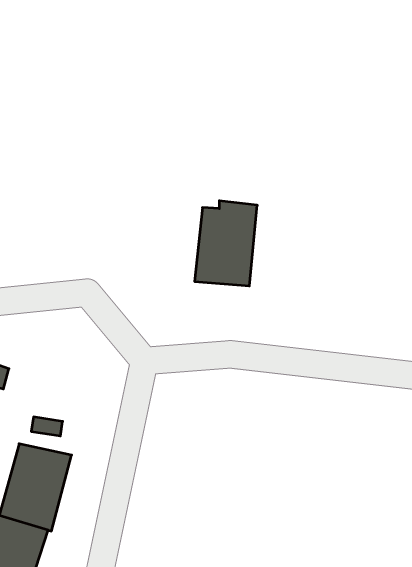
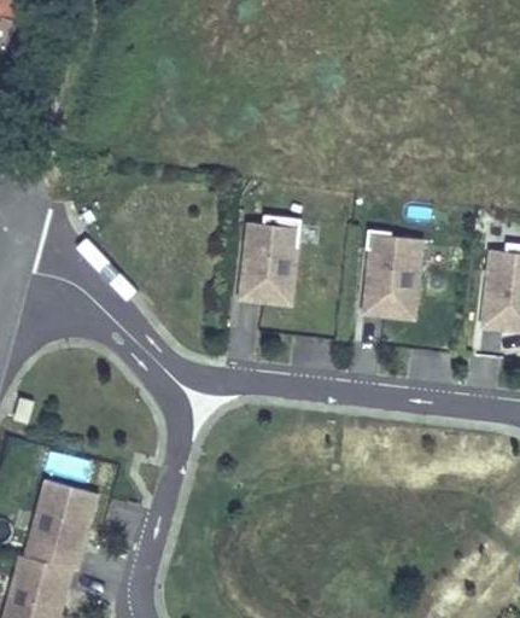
building: none -> [361,220,425,325]

